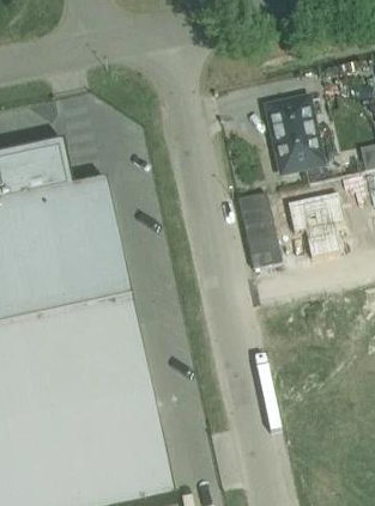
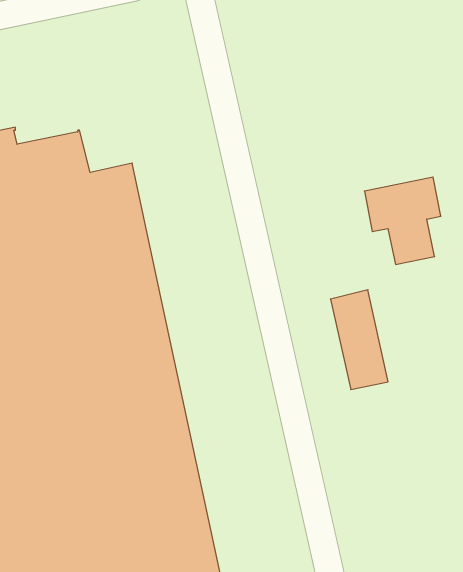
building: [266,93,320,166] -> none
building: [236,187,280,263] -> [330,290,388,390]

